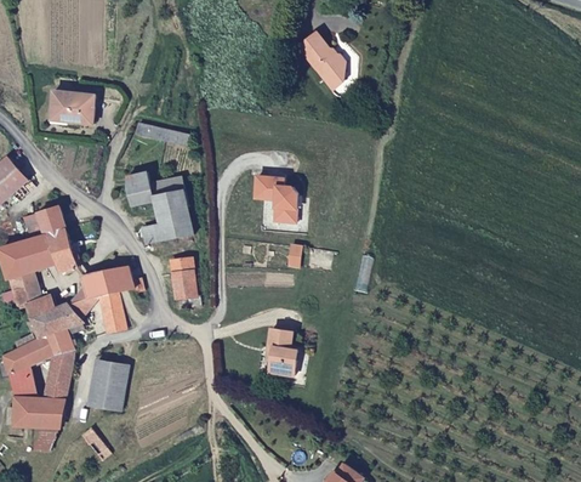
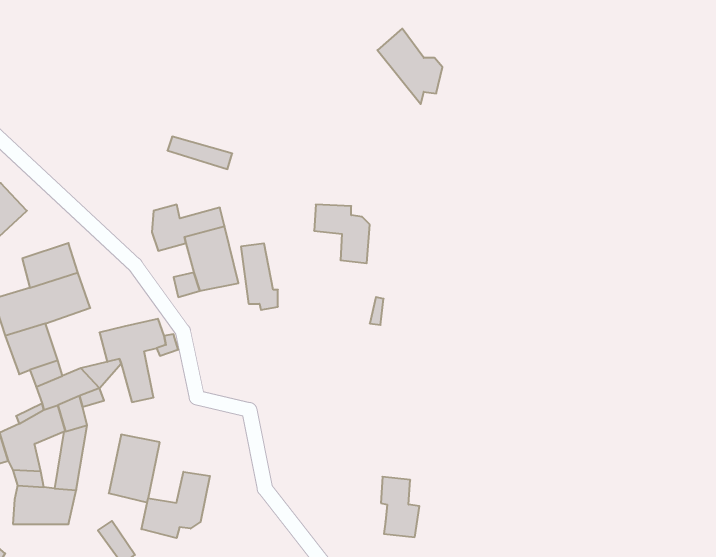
building: [49,90,92,123] -> none
building: [171,257,200,310] -> [241,243,278,310]
building: [268,327,298,374] -> [381,477,419,537]
building: none -> [141,472,210,538]

